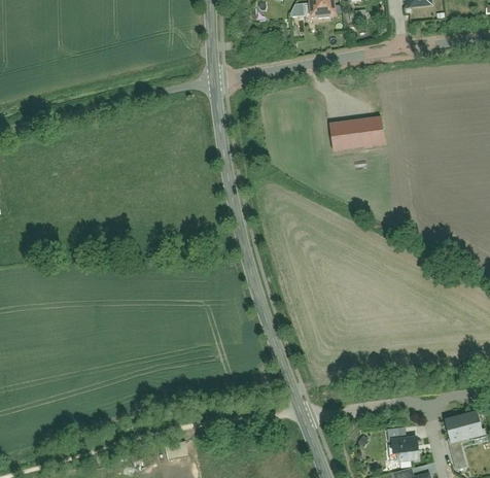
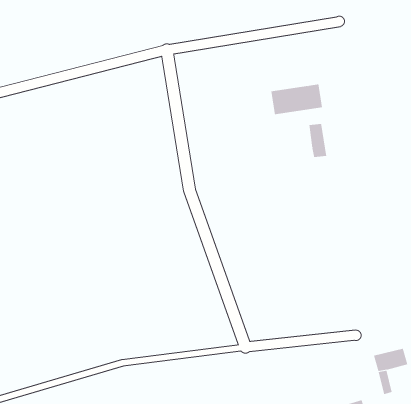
building: none -> [309,123,327,158]
building: [387,436,420,460] -> none

